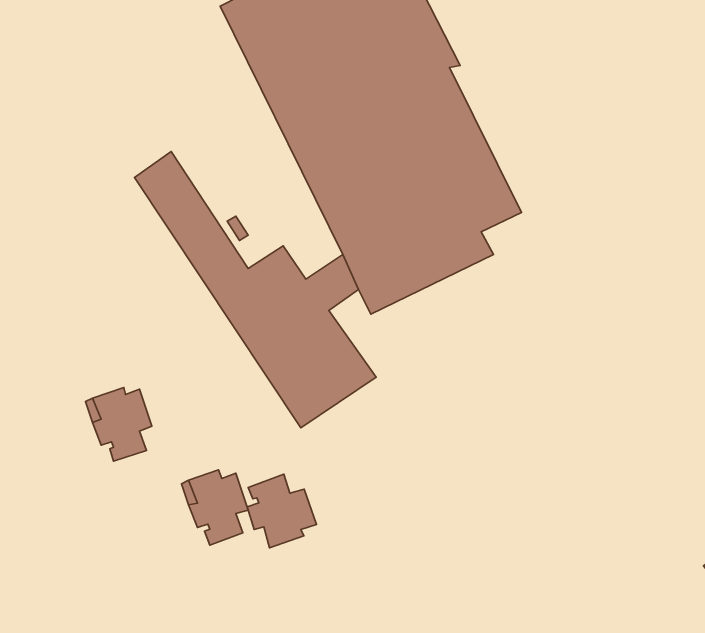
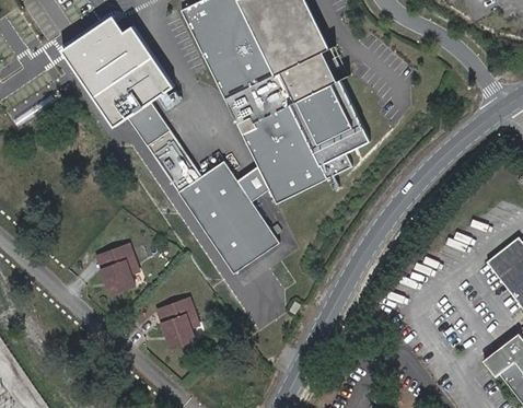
building: none -> [63,14,175,126]
building: [247,474,317,548] -> none

